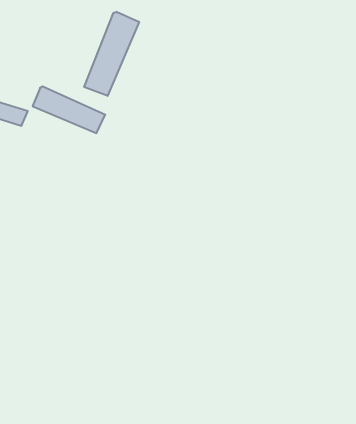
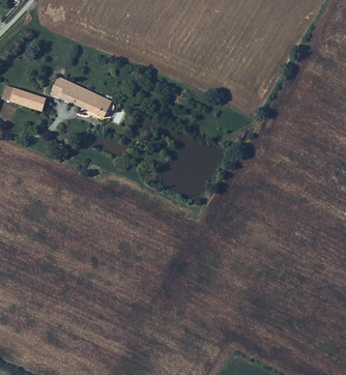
building: [84,12,139,96] -> none

